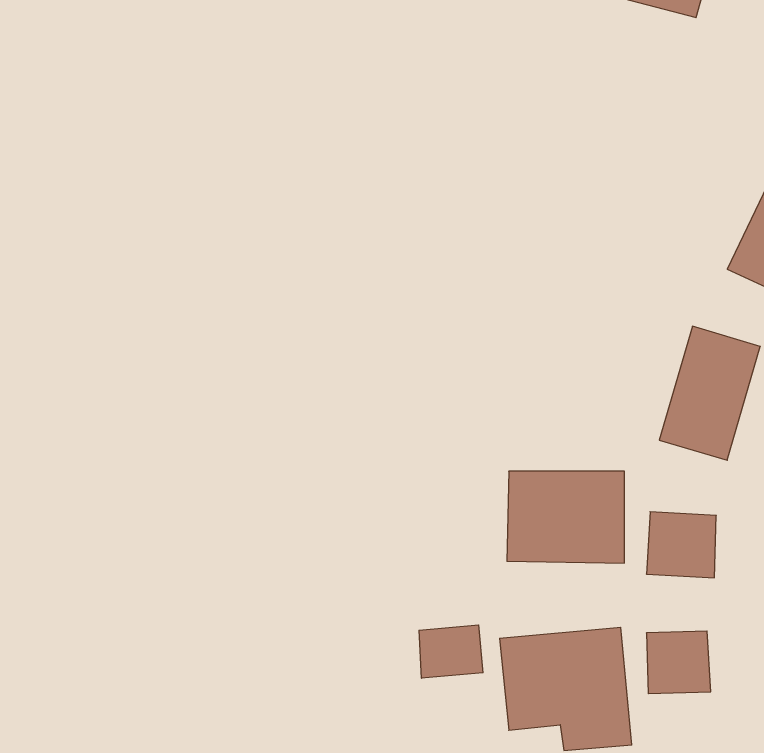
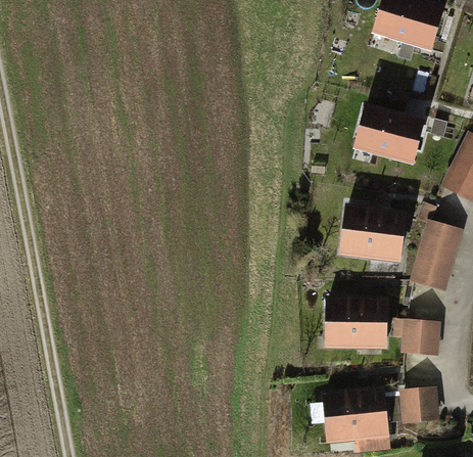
building: none -> [356,108,419,158]
building: none -> [339,202,408,262]
building: [419,625,483,678] -> none

